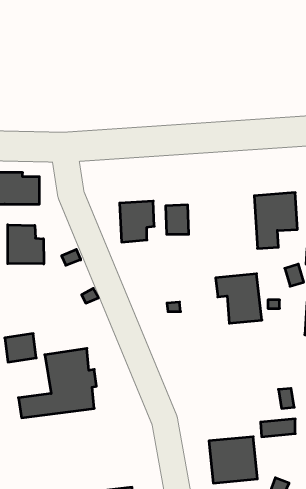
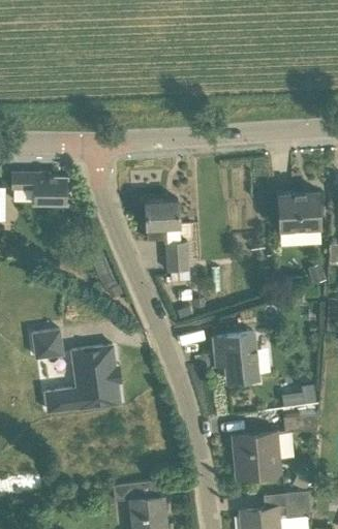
building: [166,205,189,234] -> [166,243,189,272]
building: [8,225,44,264] -> none
building: [216,274,262,323] -> [213,333,258,381]

